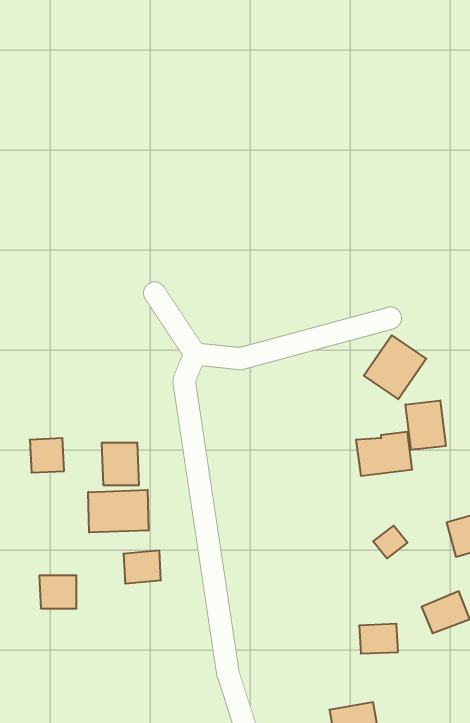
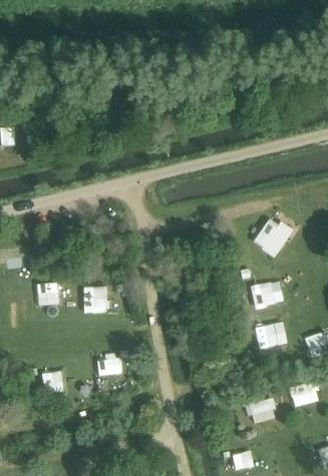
building: [406,400,446,450] -> none
building: [88,490,149,533] -> none

